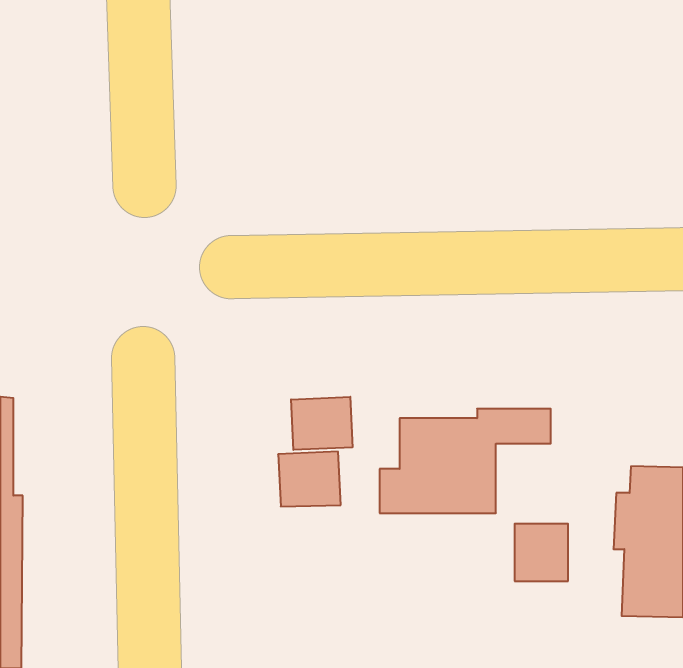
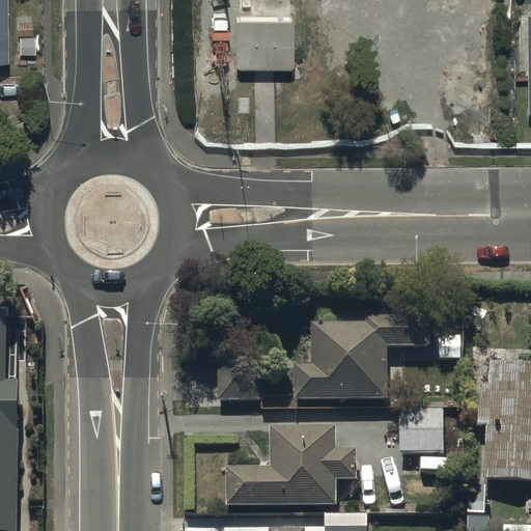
building: none -> [233,6,292,56]
building: [291,397,352,450] -> none
building: none -> [224,426,356,506]

